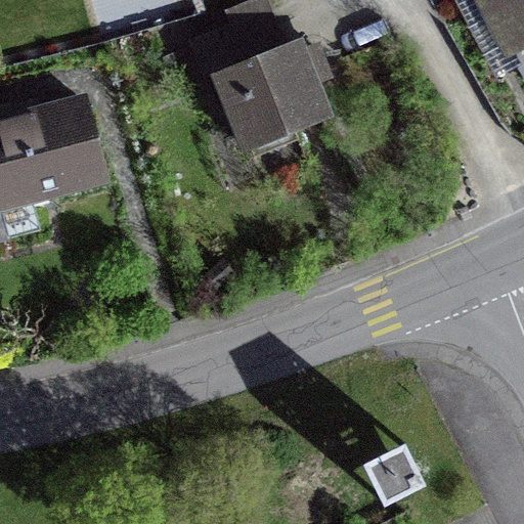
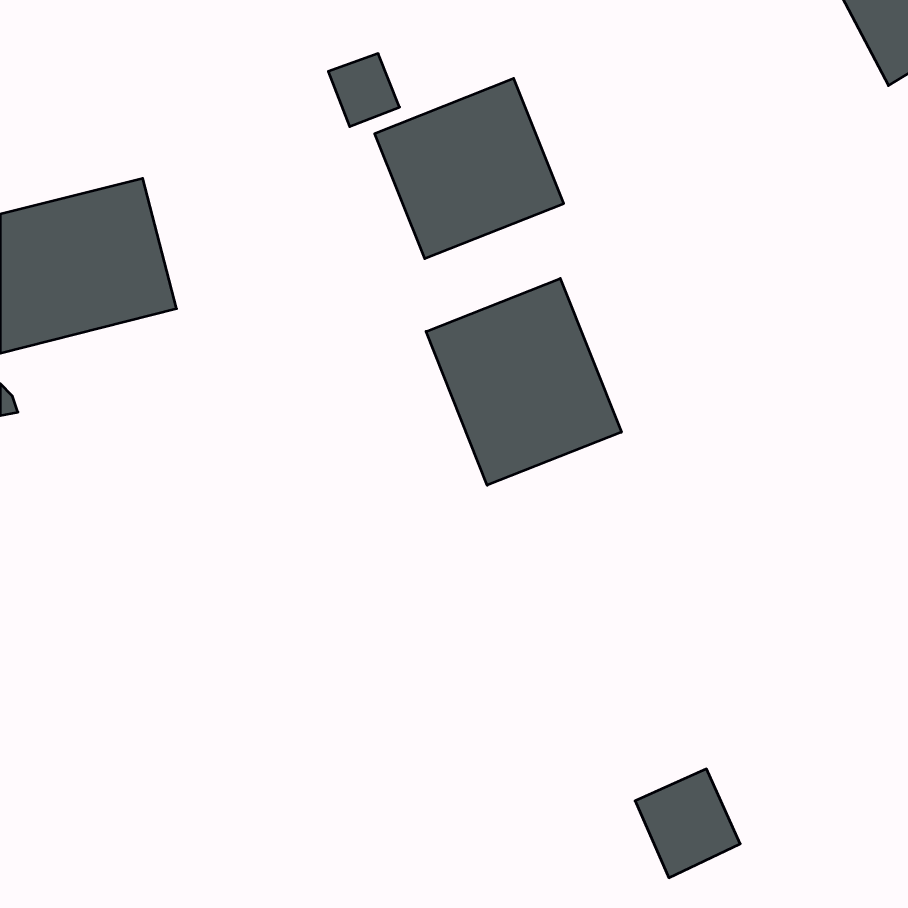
building: none -> [426,278,621,485]

